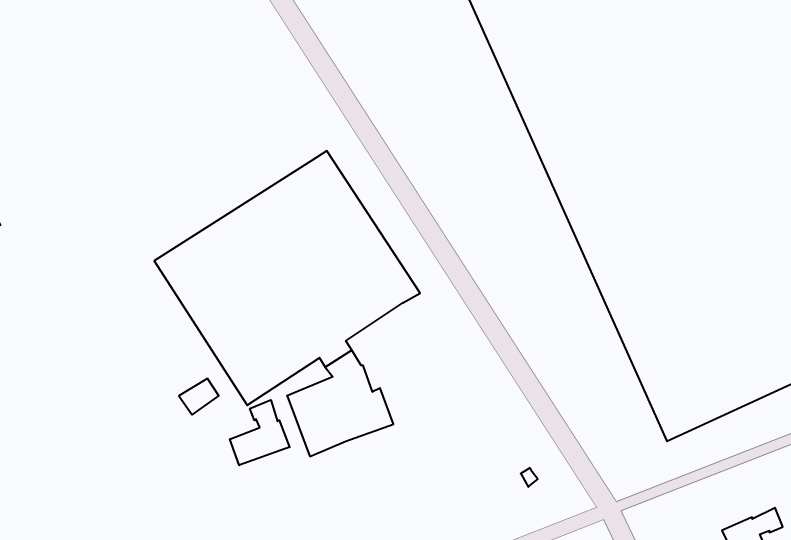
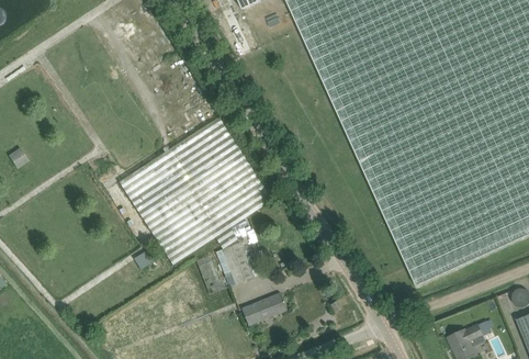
building: [230,400,290,465] -> none
building: none -> [241,294,286,326]

